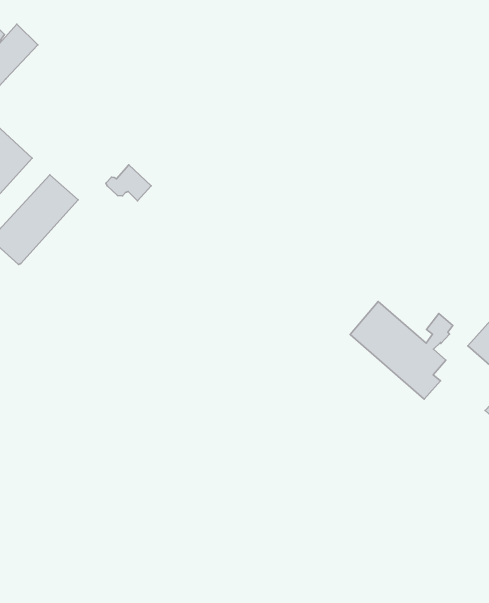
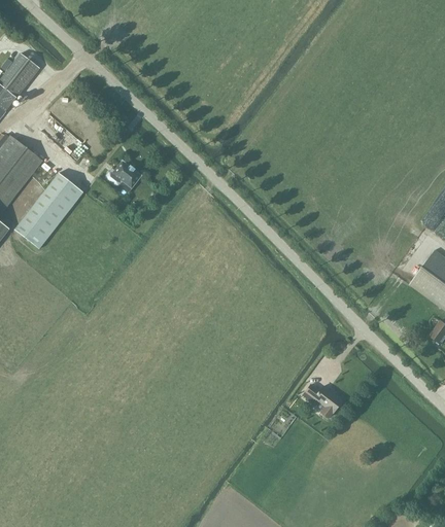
building: [350,301,453,399] -> none
building: none -> [302,383,342,416]

